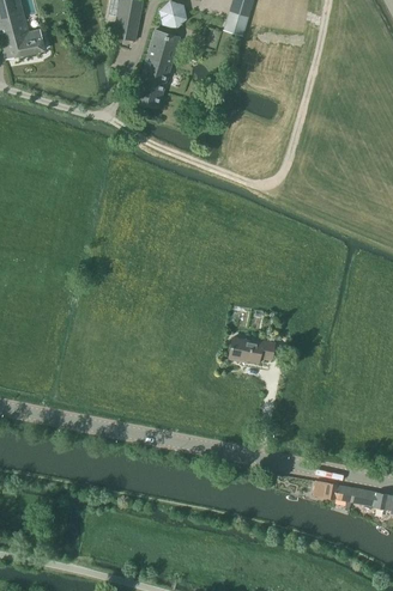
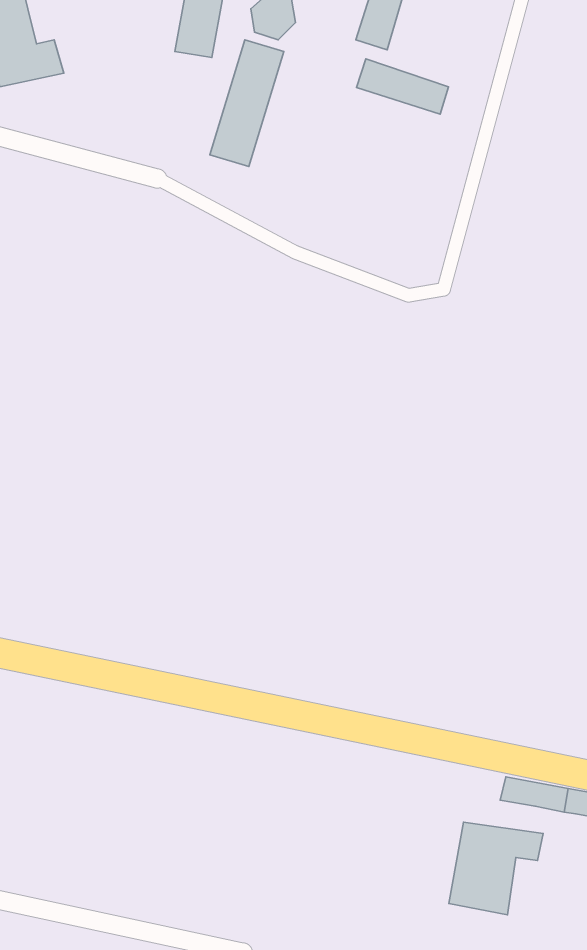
building: none -> [356,59,448,114]
building: [228,336,274,361] -> none
building: none -> [449,822,543,915]

